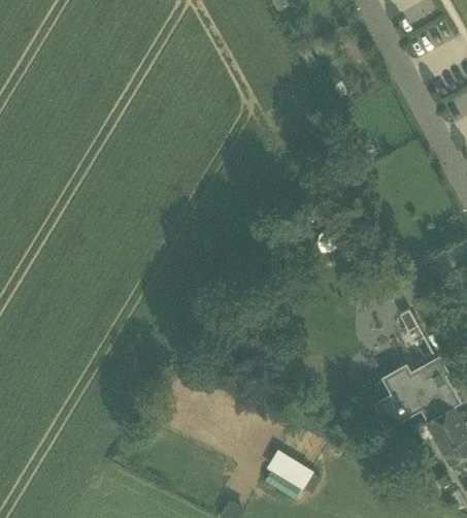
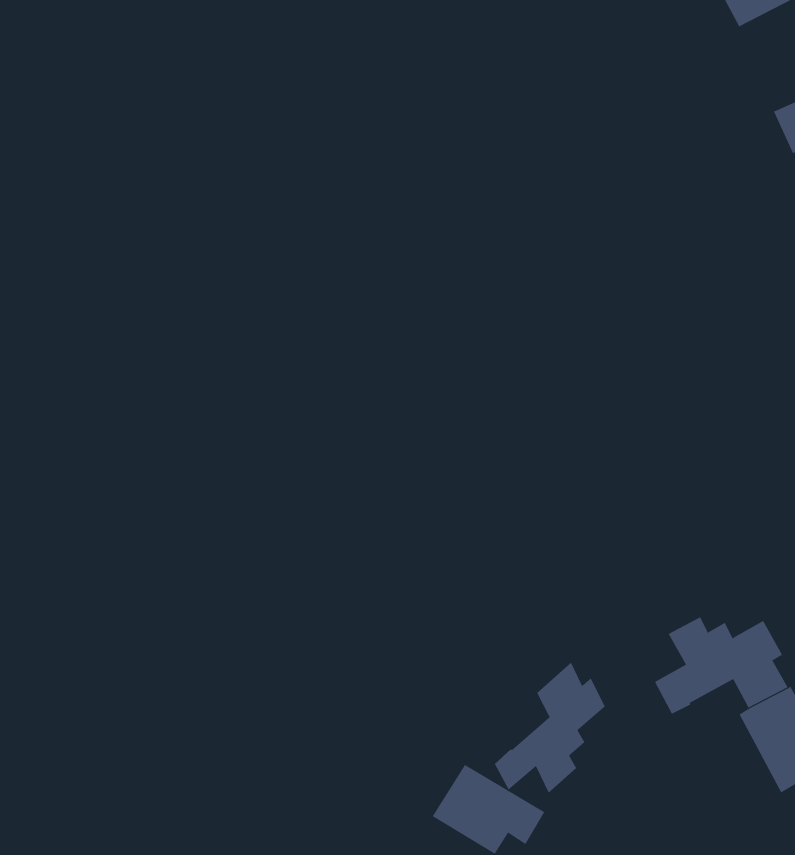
building: none -> [494,662,606,793]

